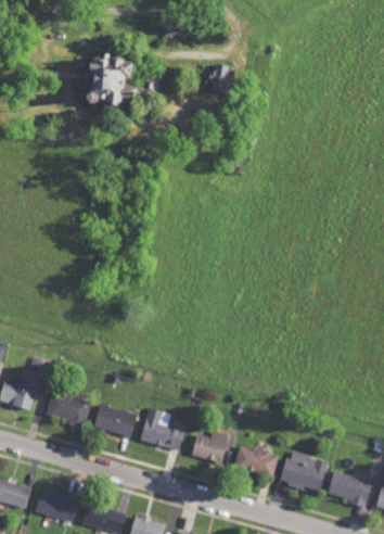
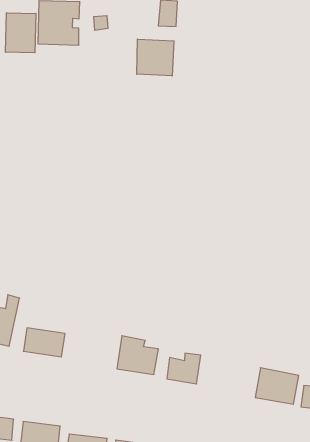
building: none -> [6,13,36,53]
building: none -> [137,39,174,76]
building: [93,404,137,437] -> none
building: [234,445,280,478] -> none

